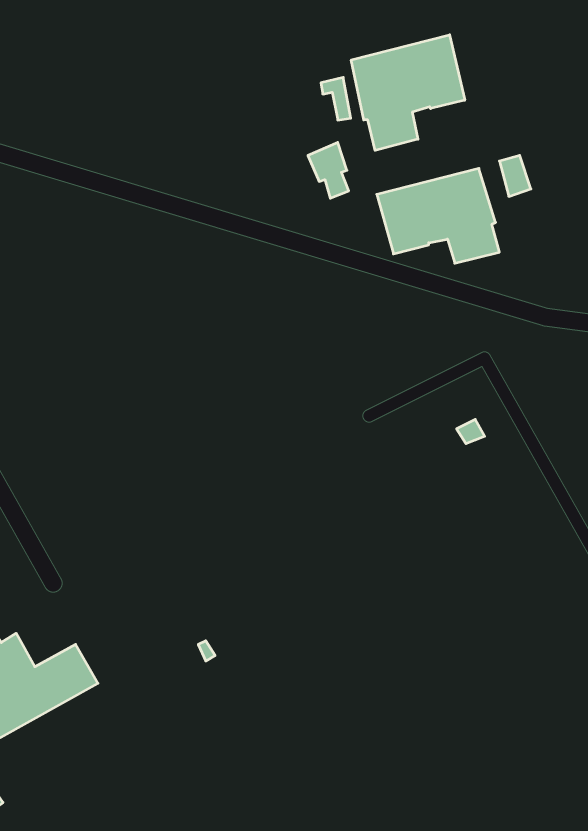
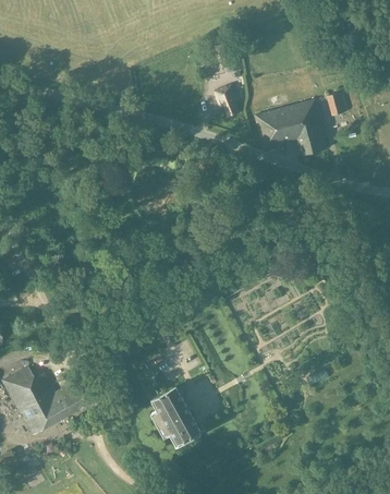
building: [351,35,465,150] -> none
building: none -> [153,386,199,443]

